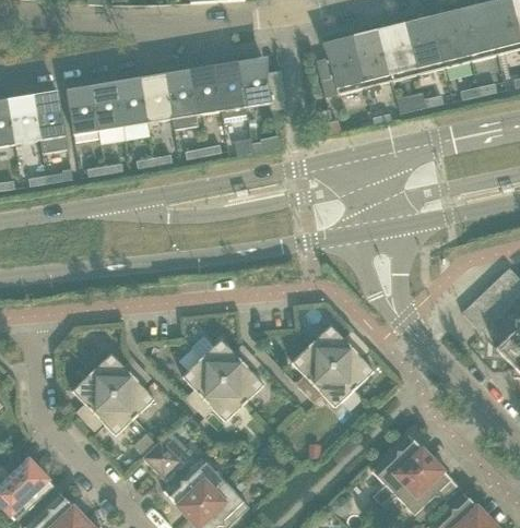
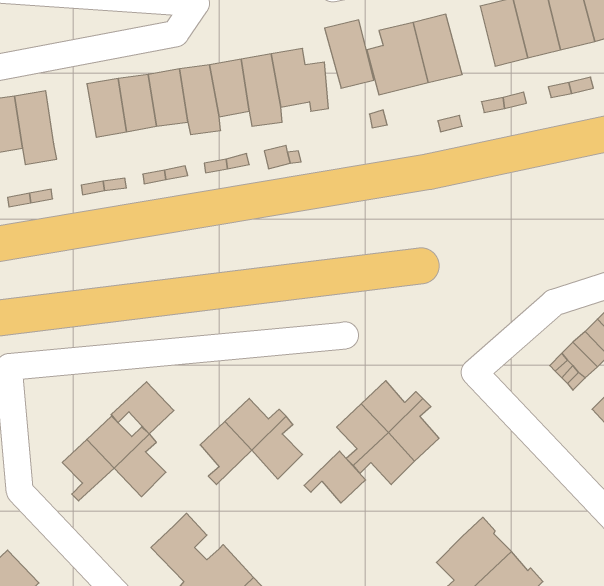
building: [378,24,417,79] -> [325,20,374,88]
building: [66,86,98,132] -> none
building: [194,379,244,420] -> [304,451,366,503]
building: [84,393,134,434] -> [111,382,174,434]

